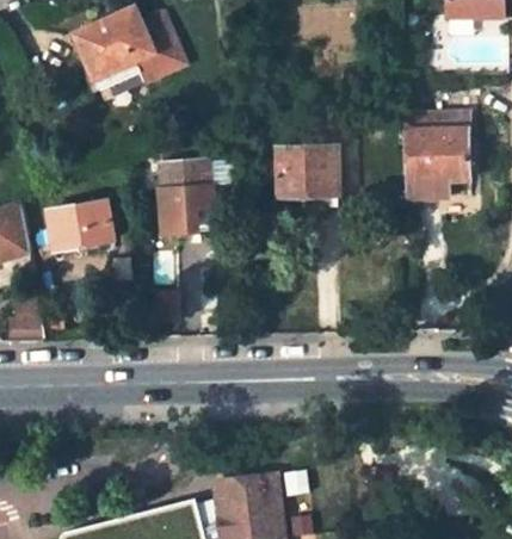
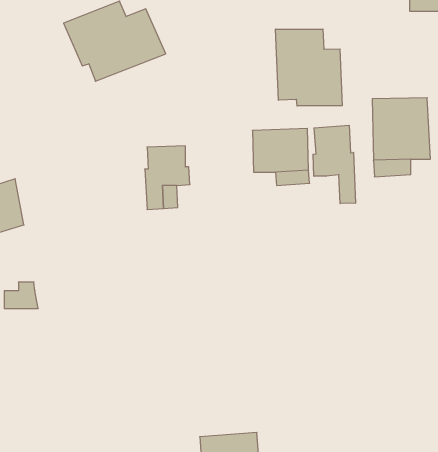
building: none -> [276,29,342,106]
building: none -> [313,125,355,204]
building: [45,200,110,249] -> none

